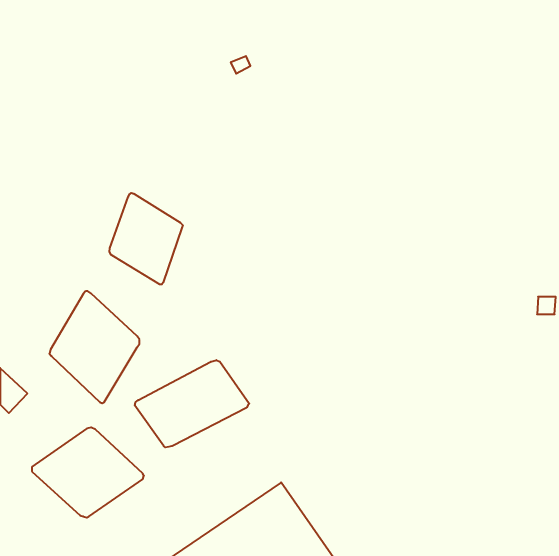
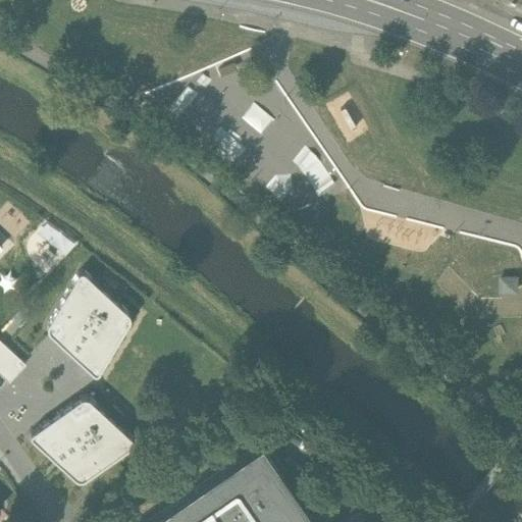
building: [109,193,183,284] -> none
building: [135,360,249,447] -> none

